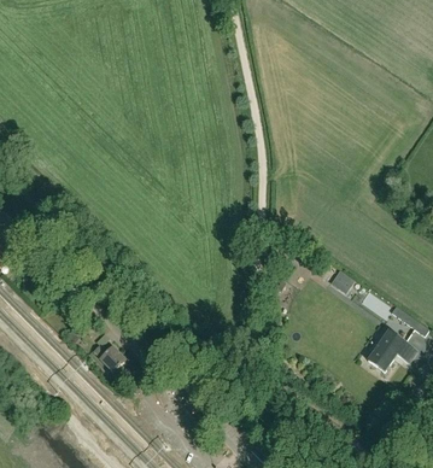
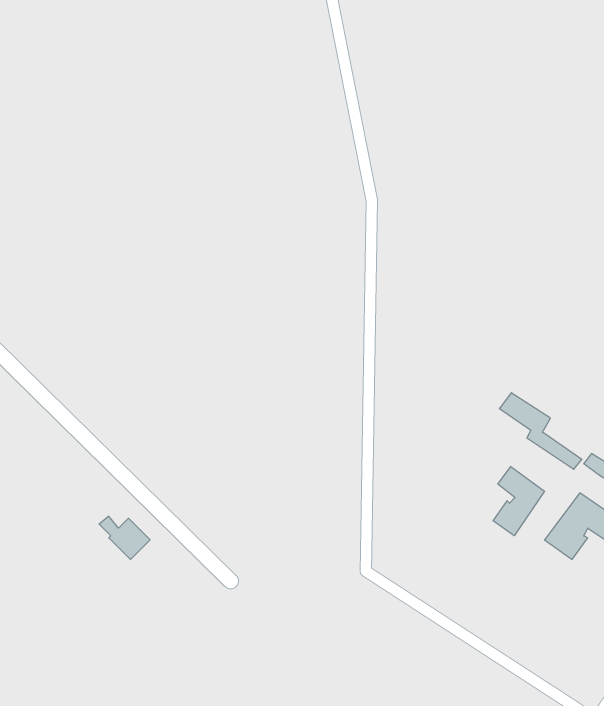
building: none -> [493,466,545,536]

